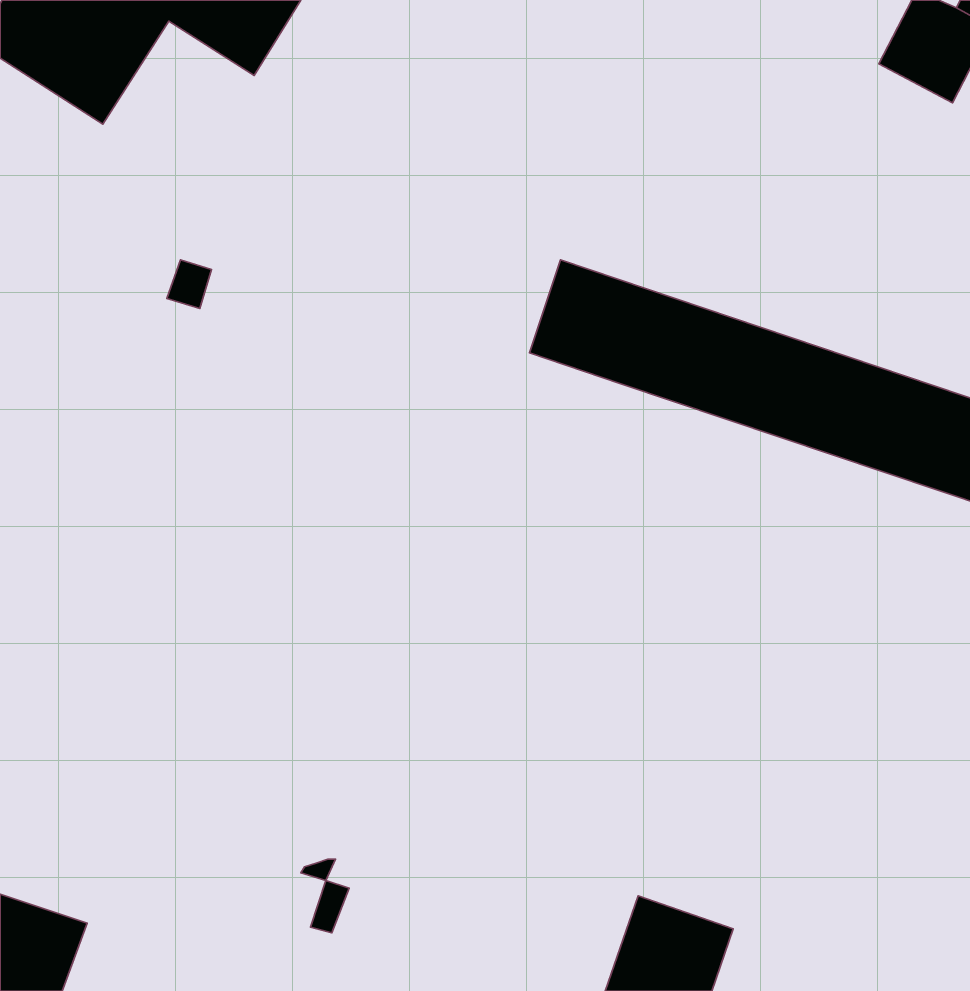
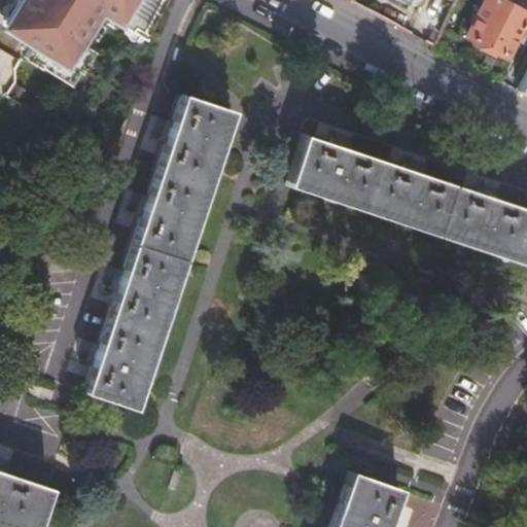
building: none -> [92,96,235,408]

